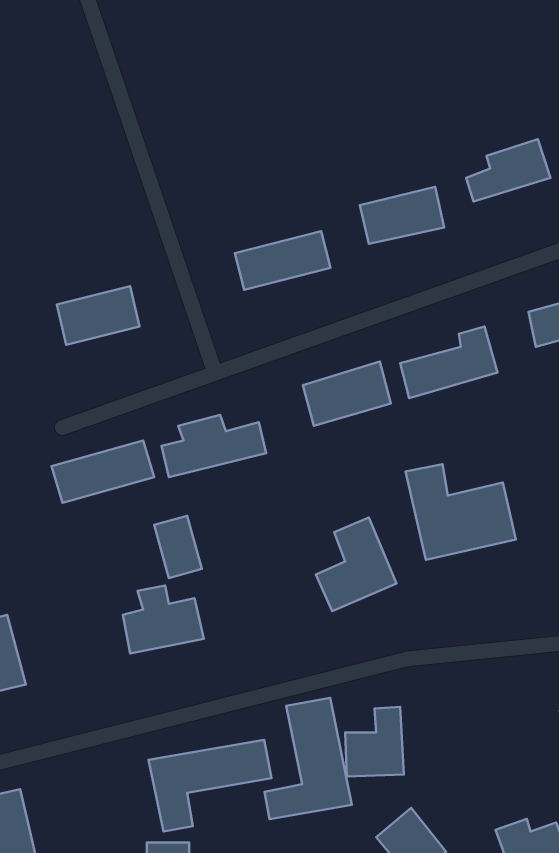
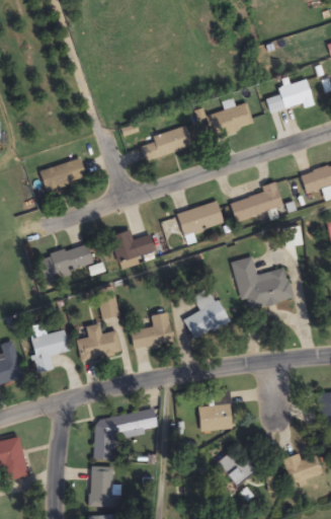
building: none -> [131,312,172,347]
building: none -> [30,323,69,372]
building: [264,698,352,819] -> none

